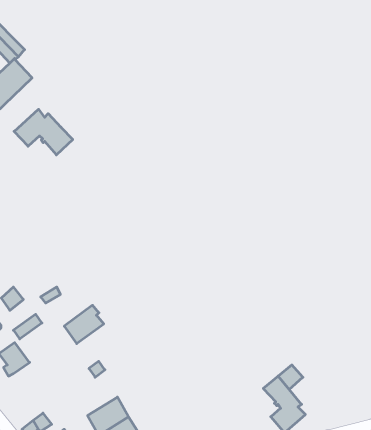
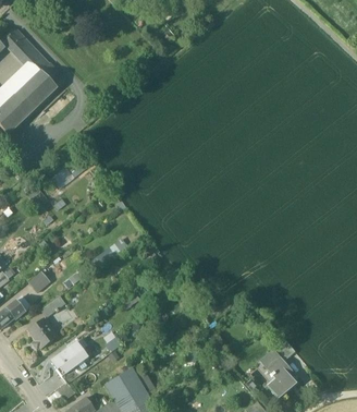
building: [14,109,73,155] -> none
building: [64,305,104,344] -> [51,341,86,375]

